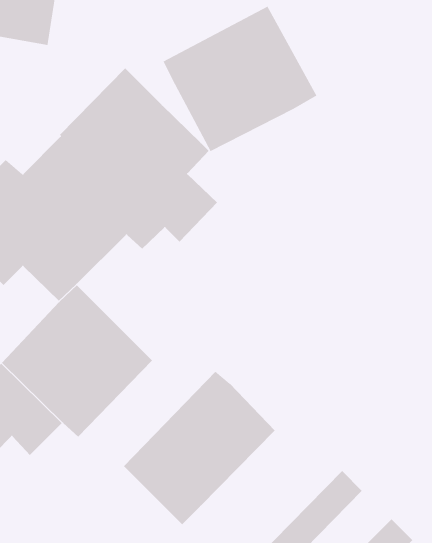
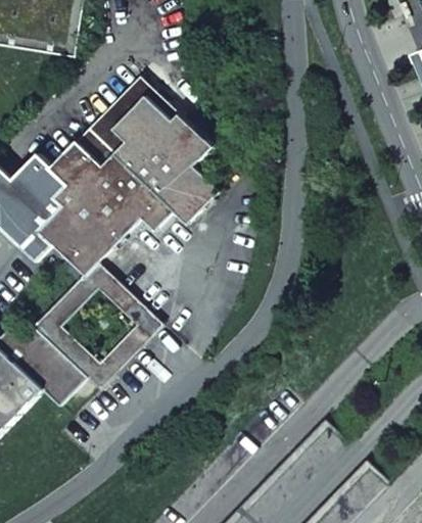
building: [162,5,317,152] -> none
building: [123,371,275,525] -> none

